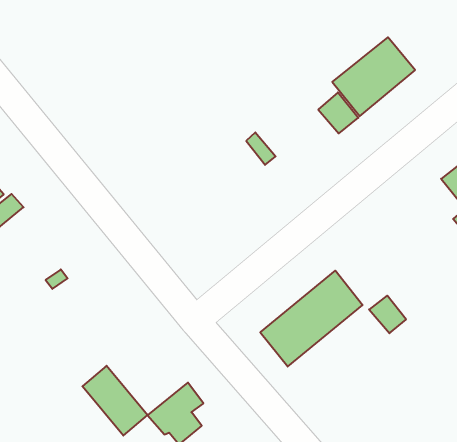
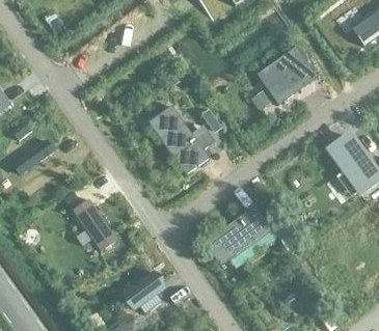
building: none -> [148,104,214,173]
building: [82,366,147,436] -> [63,200,105,247]

